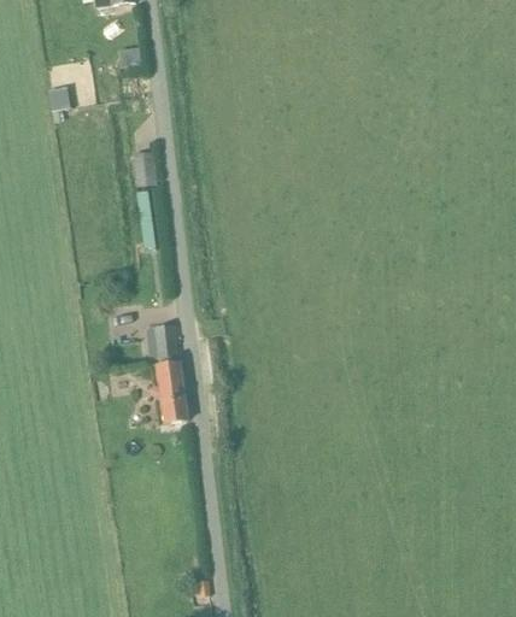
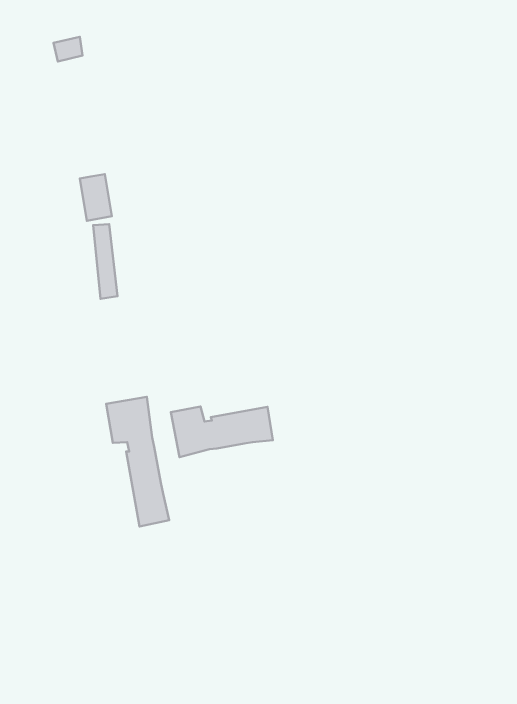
building: none -> [171,406,273,457]

